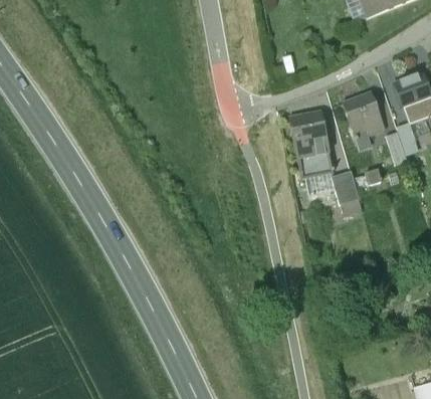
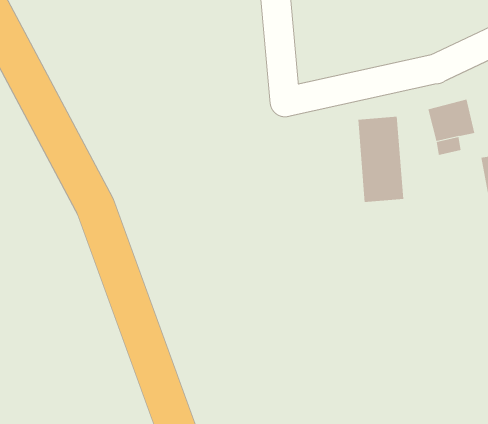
building: [332,172,360,205] -> none

